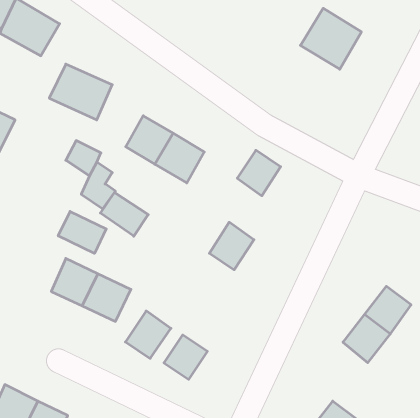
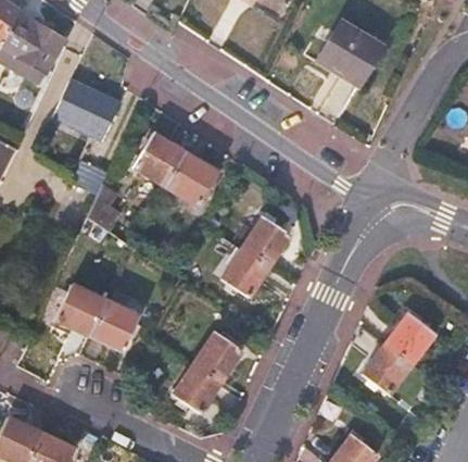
building: [237,150,281,196] -> [243,217,289,265]
building: [100,192,148,236] -> none
building: [58,211,106,253] -> none
building: [125,311,171,358] -> [194,333,242,383]

